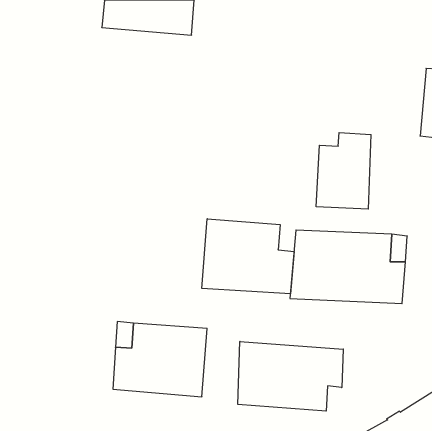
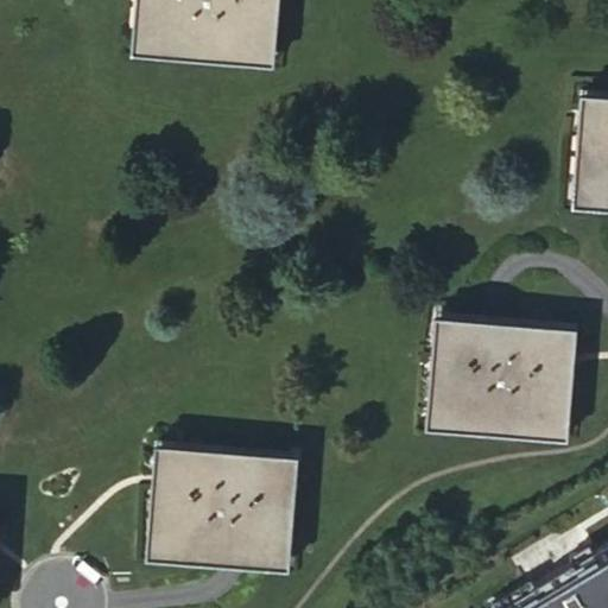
building: [316,133,371,209] -> none
building: [202,219,294,294] -> none
building: [238,341,343,411] -> none

